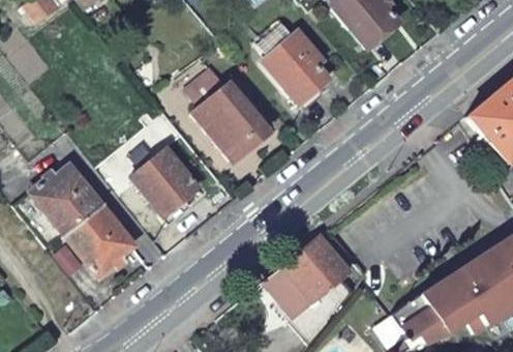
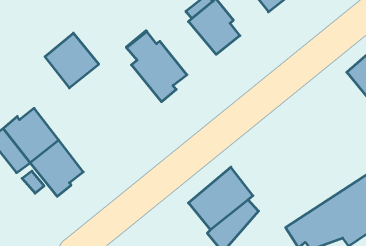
building: [131,145,200,214] -> [45,33,99,88]

